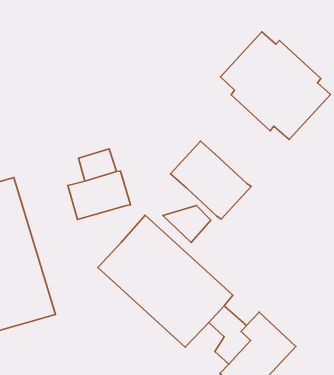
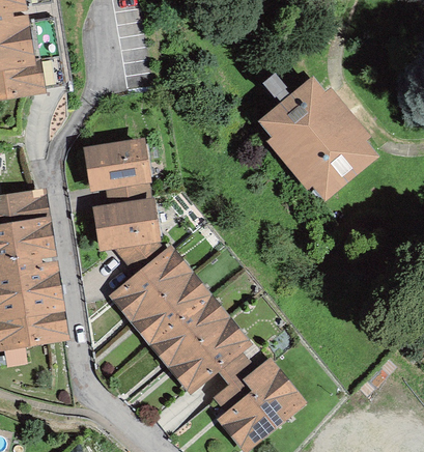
building: none -> [88,143,147,188]
building: [170,141,251,219] -> none
building: [163,206,211,242] -> [117,238,165,275]

